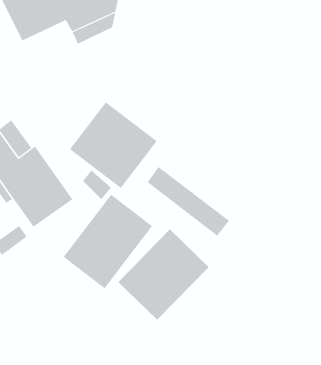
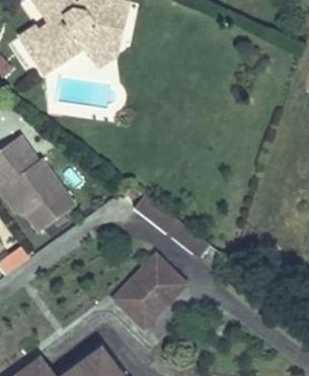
building: [69,102,157,189] -> none
building: [63,194,153,289] -> none

